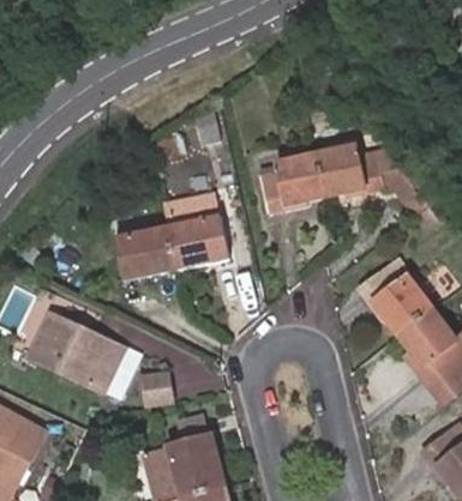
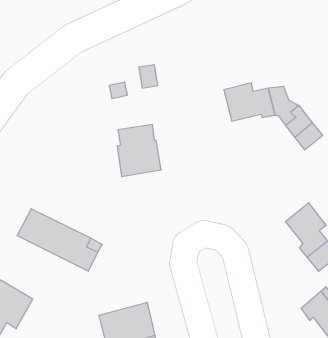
building: [251,149,322,213] -> none
building: [113,227,169,279] -> none
building: [354,255,428,331] -> none
building: [140,372,176,410] -> none

